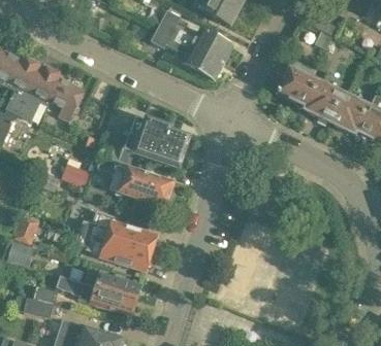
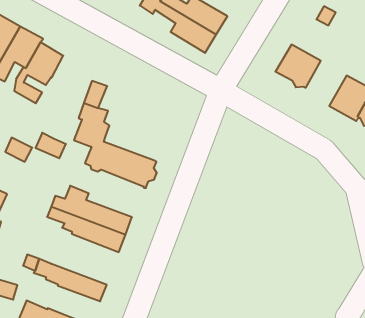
building: [307,81,346,123] -> none
building: [124,115,188,168] -> none
building: [83,268,140,300] -> none

